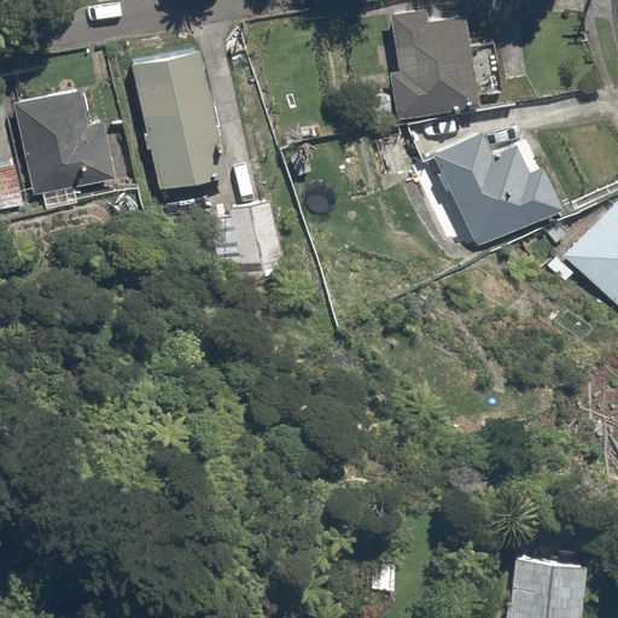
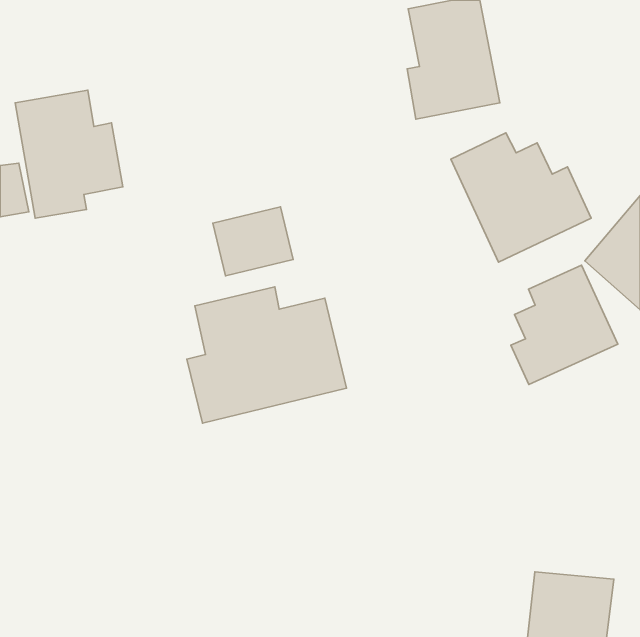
building: [122,51,227,193] -> none
building: none -> [511,265,618,385]
building: none -> [187,287,347,423]

